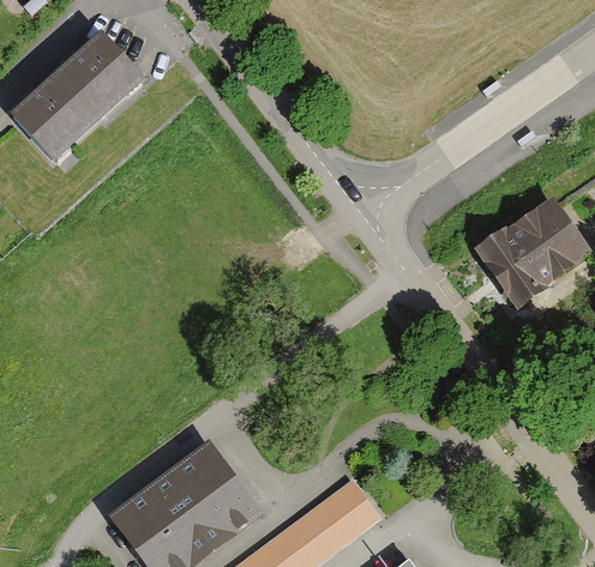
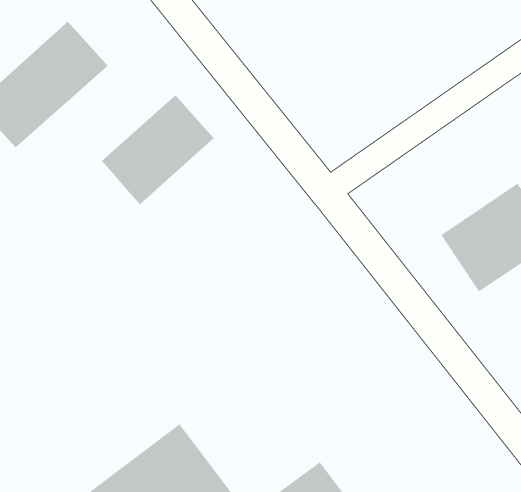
building: none -> [101,95,215,205]

